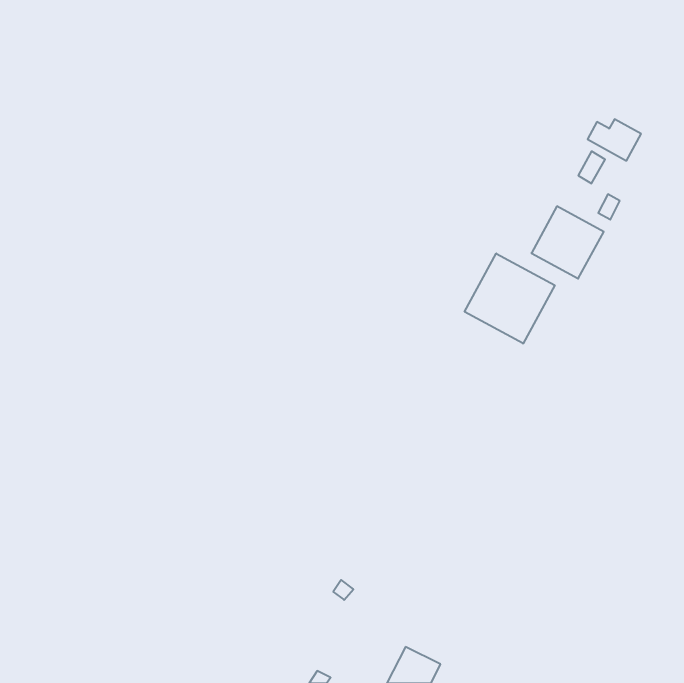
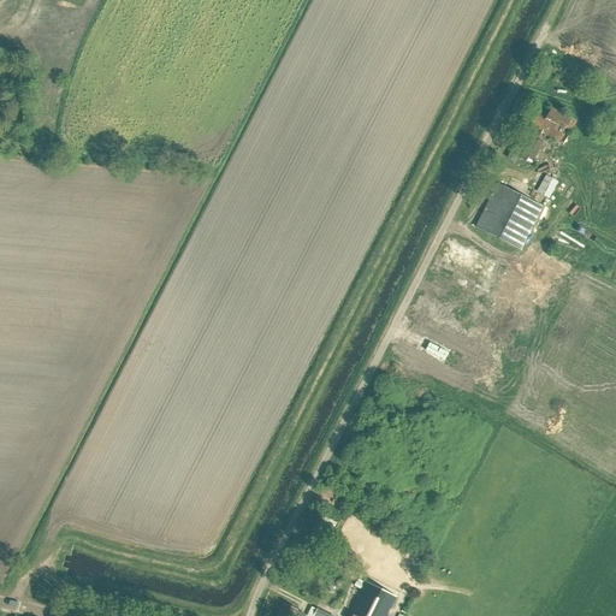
building: [465,253,555,344] -> none

